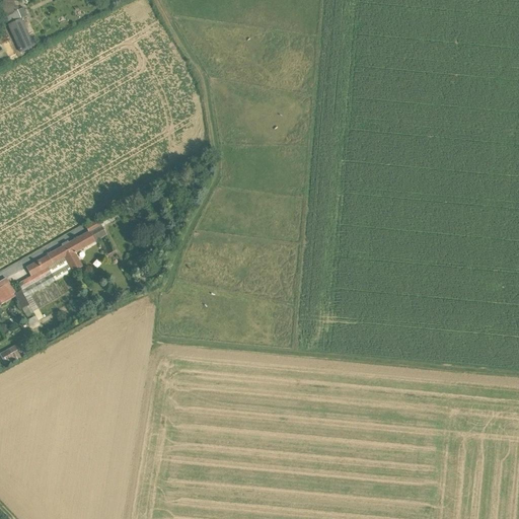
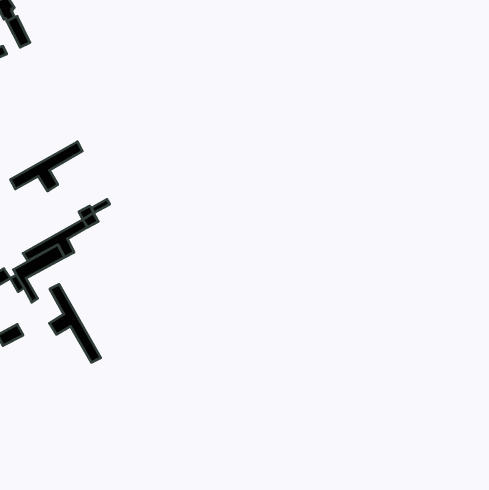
building: none -> [11,142,82,191]
building: none -> [49,284,101,362]

